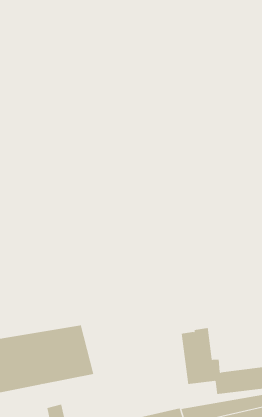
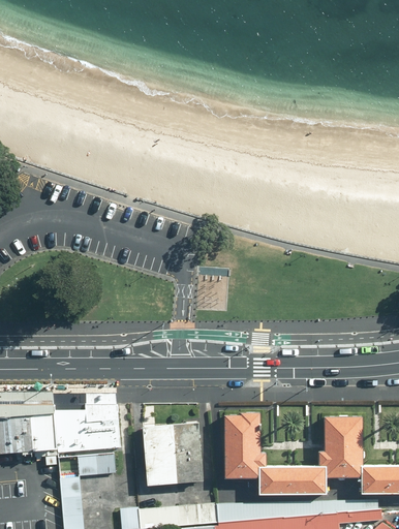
building: none -> [144,425,203,487]
building: none -> [75,455,114,476]

